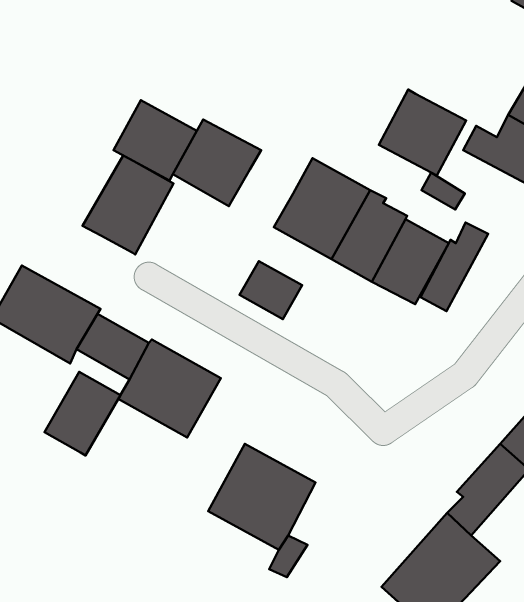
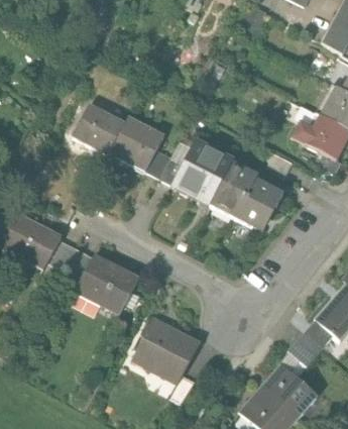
building: [379,90,466,176] -> none
building: [83,155,174,254] -> none
building: [420,223,488,311] -> none
building: [240,261,302,319] -> [146,146,186,183]
building: [44,372,120,456] -> none

